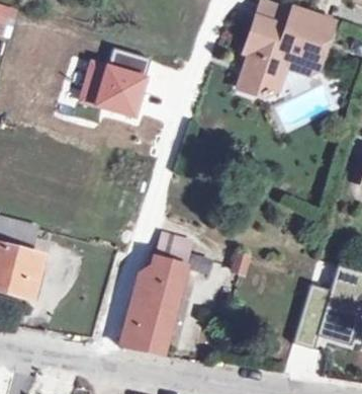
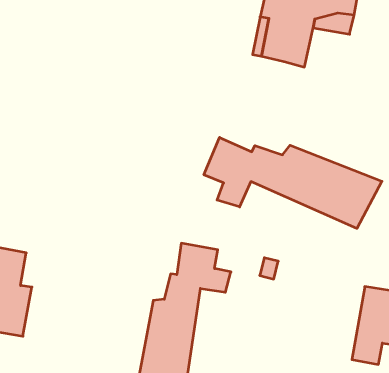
building: [78,46,154,115] -> none
building: none -> [204,137,382,228]

